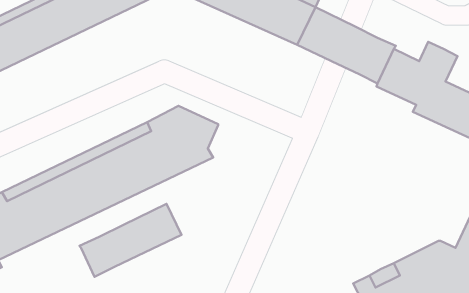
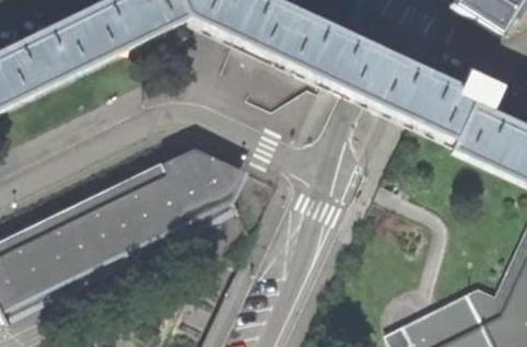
building: [79,204,182,277] -> none

